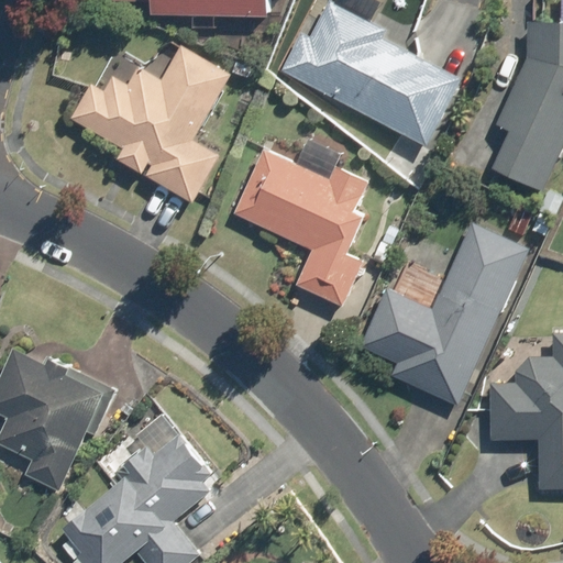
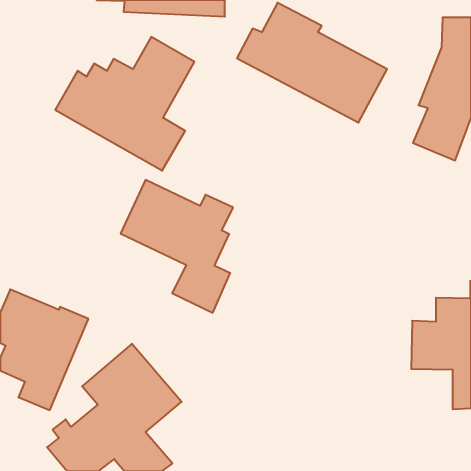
building: [235,150,369,308] -> [121,180,233,313]
building: [362,223,529,406] -> none

